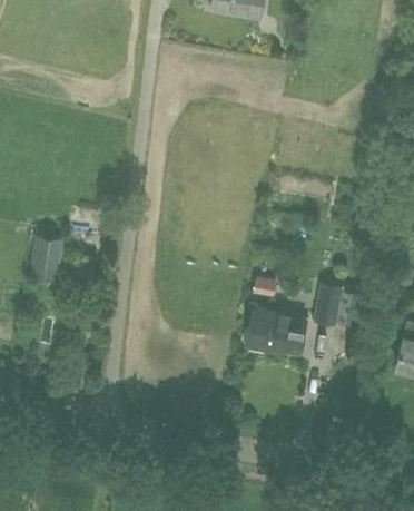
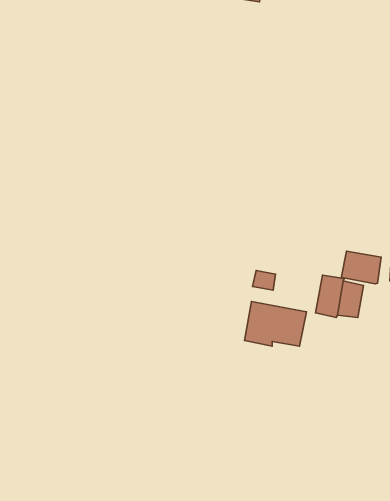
building: [29,236,62,278] -> none
building: none -> [341,251,381,284]

